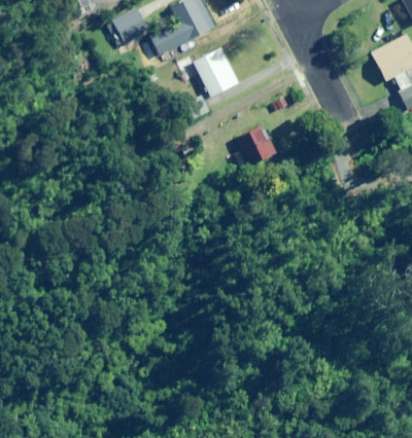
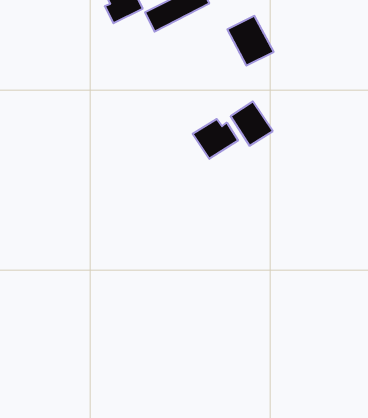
building: [193,47,238,96] -> [227,16,274,66]
building: none -> [193,119,238,159]

